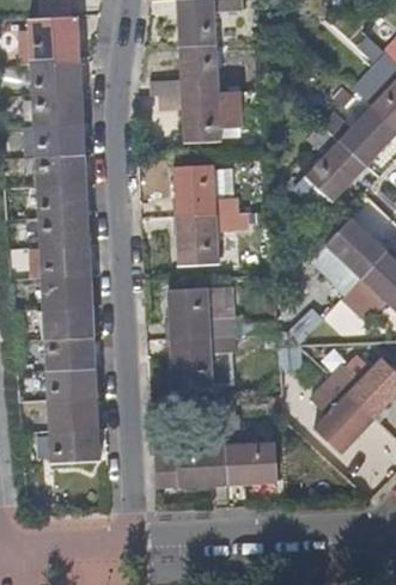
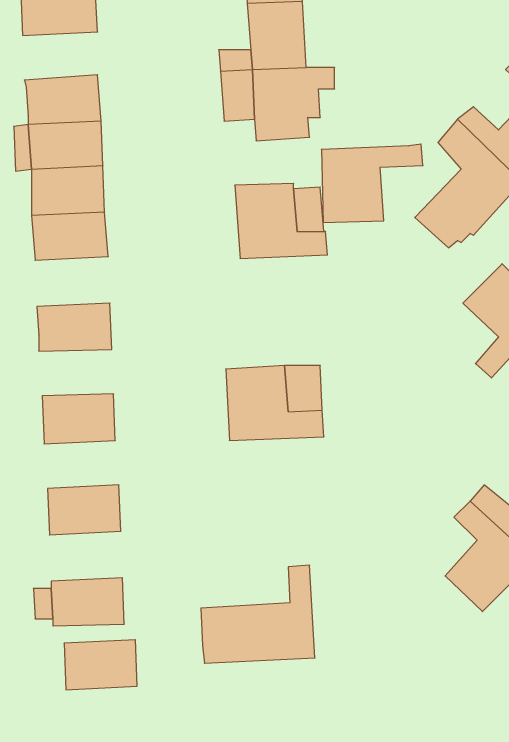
building: [30,63,80,96] -> none
building: [176,212,244,264] -> [321,144,423,223]
building: [38,214,89,248] -> none
building: [41,276,91,307] -> none
building: [169,335,233,388] -> none
building: [44,337,95,370] -> none
building: [48,398,97,432] -> [64,640,137,690]
building: [223,421,275,483] -> none

